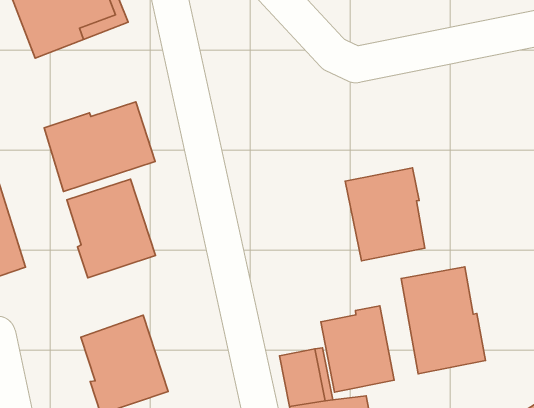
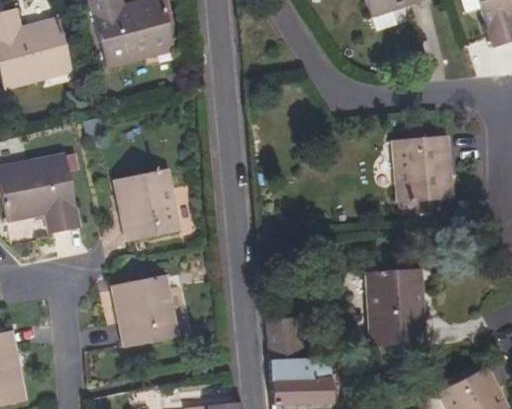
building: [44,102,155,191] -> none
building: [345,168,425,261] -> [393,135,448,202]
building: [321,306,394,392] -> none

